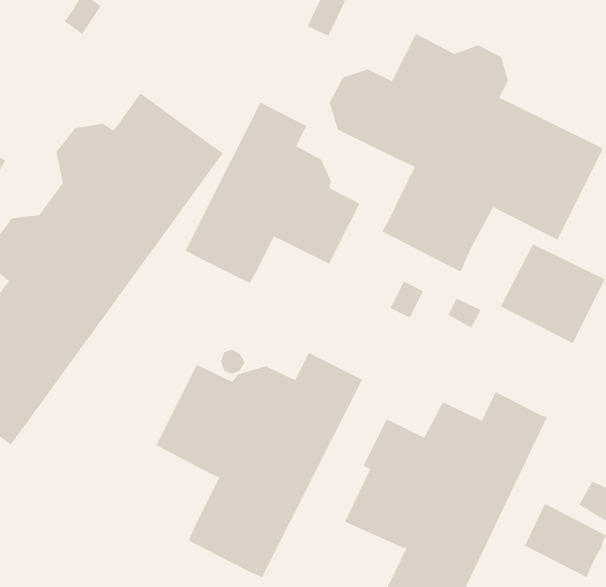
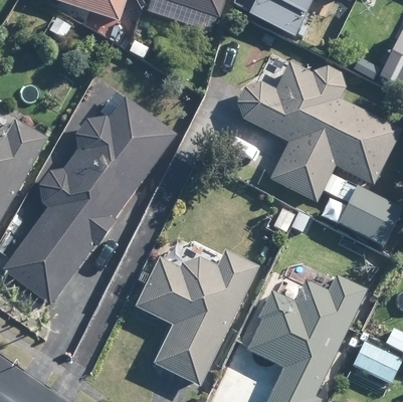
building: [185,102,360,284] -> none

